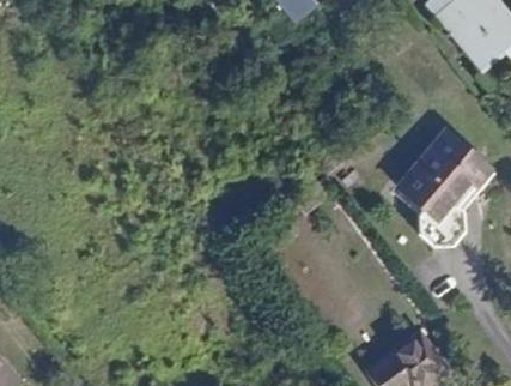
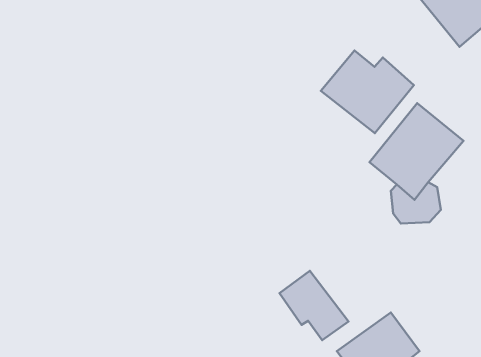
building: none -> [321,50,414,133]
building: none -> [280,271,348,340]

